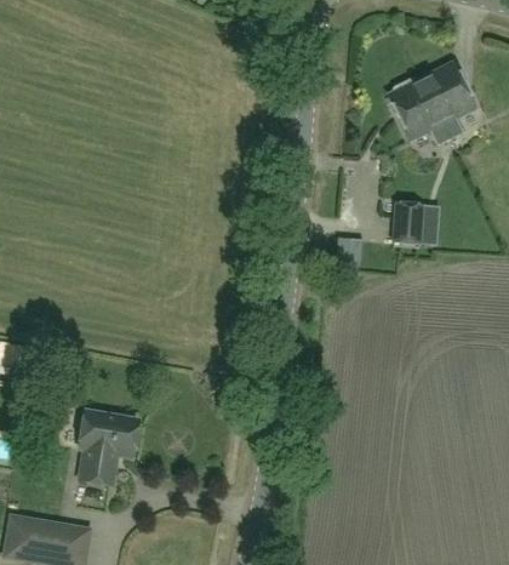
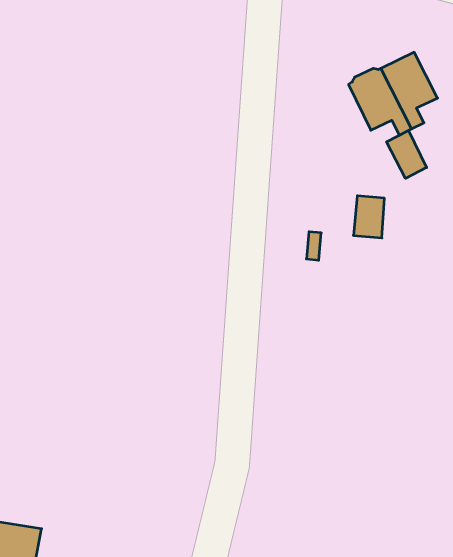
building: none -> [387,131,427,178]
building: [80,411,137,485] -> none

